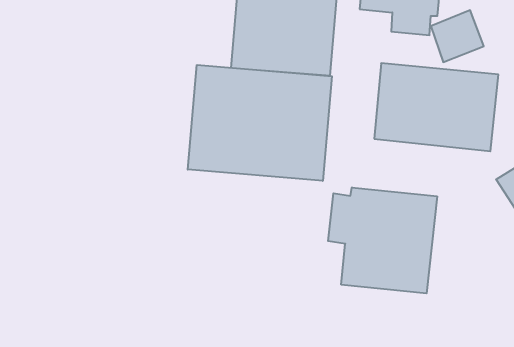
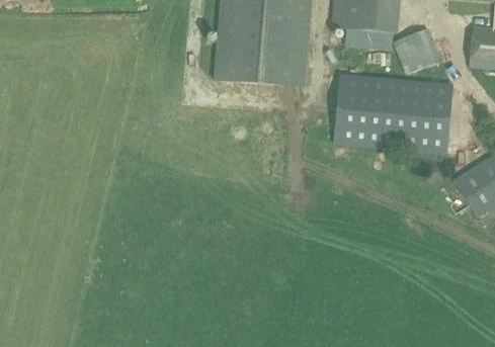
building: [188,65,332,181] -> none
building: [328,187,437,293] -> none

